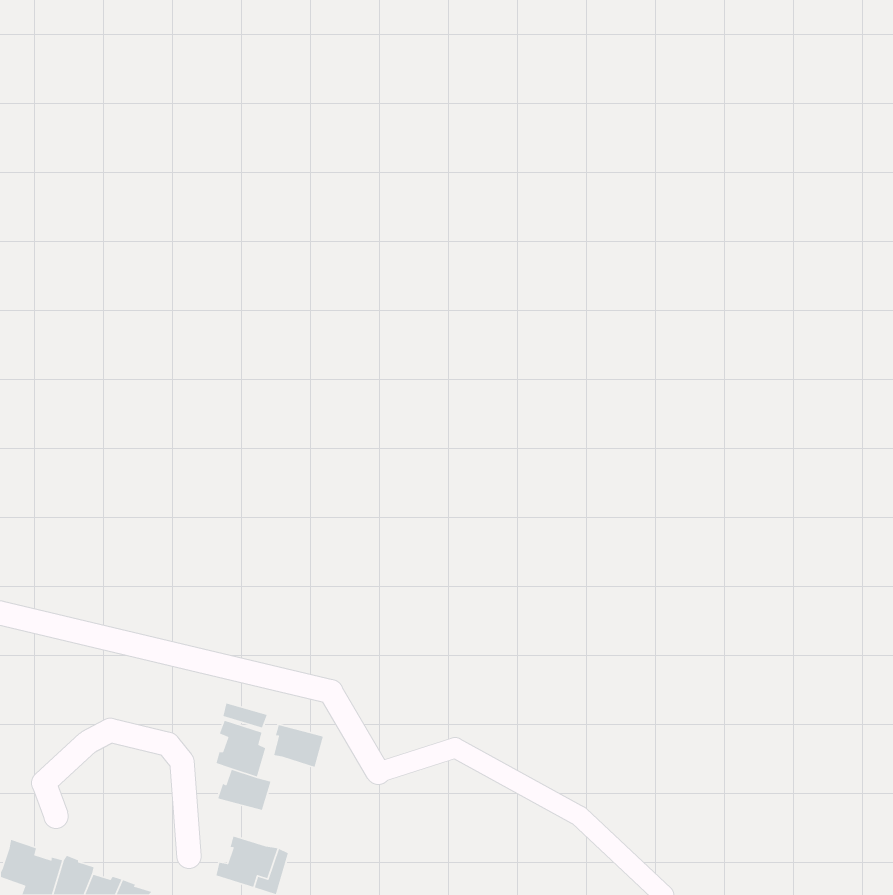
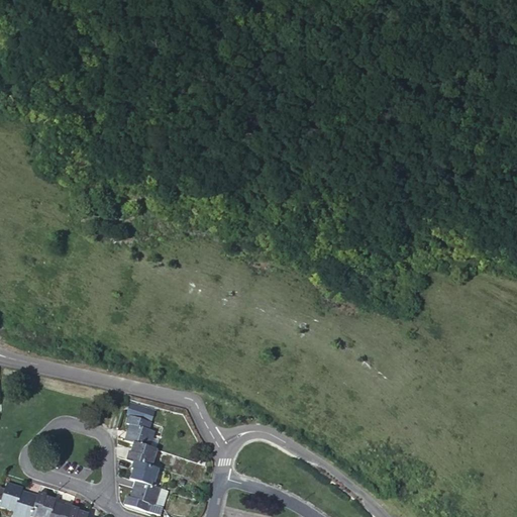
building: [273,724,324,768] -> [130,462,160,488]

